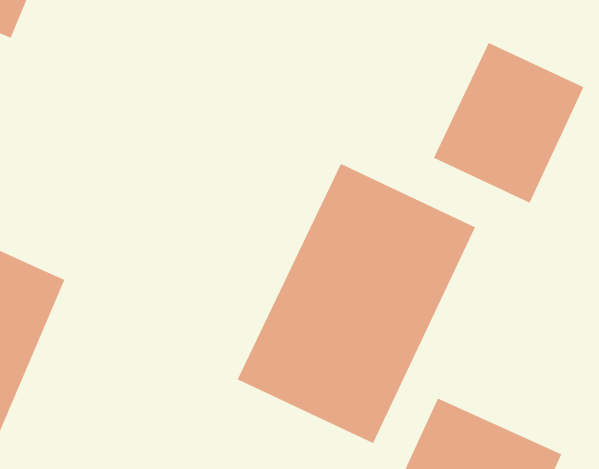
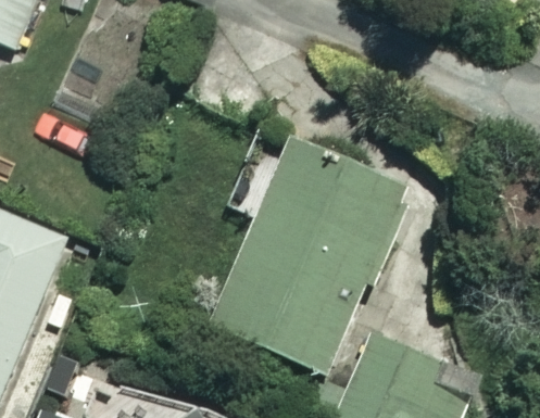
building: [433,42,584,204] -> none

